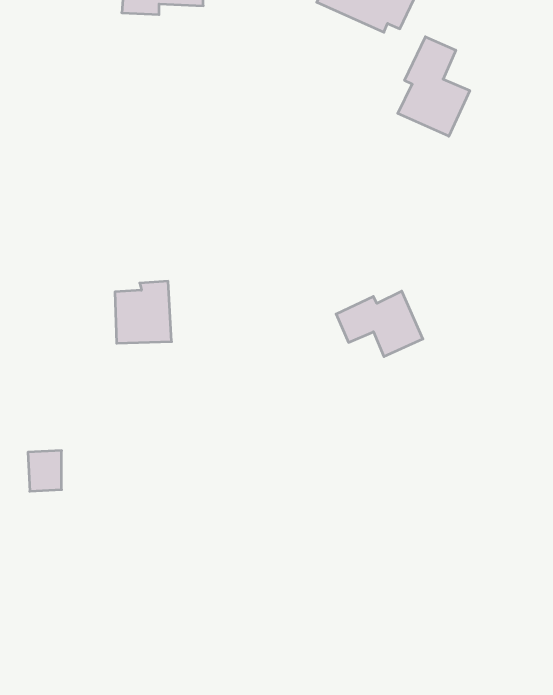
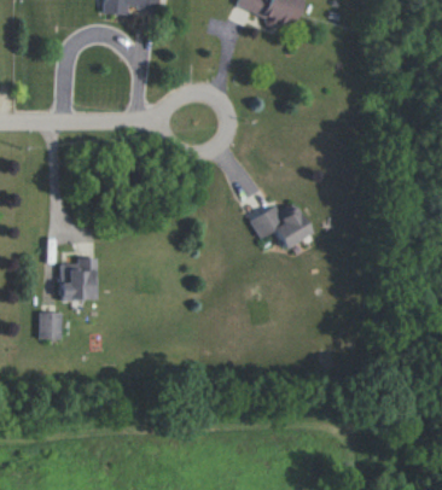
building: [398,37,470,136] -> none
building: [115,281,172,343] -> [59,257,98,299]

